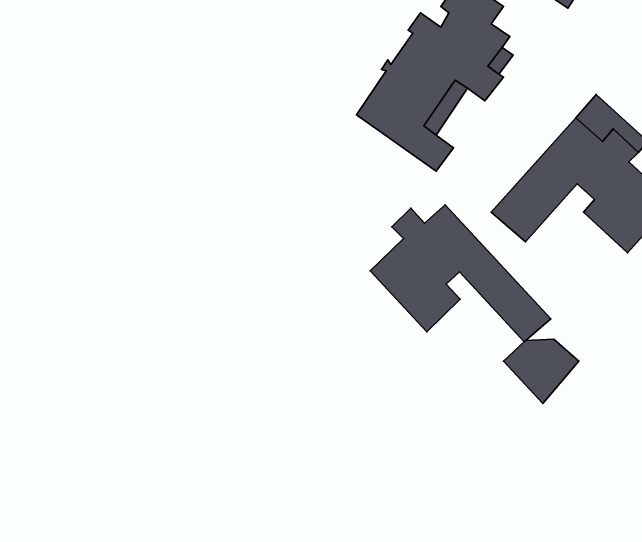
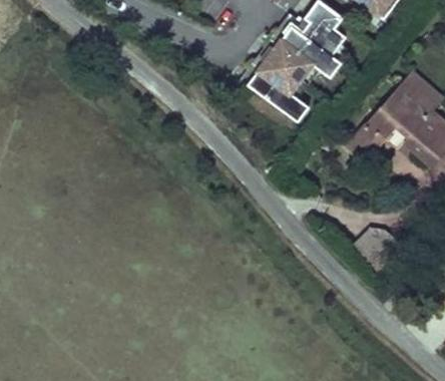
building: [370,205,551,342] -> none

